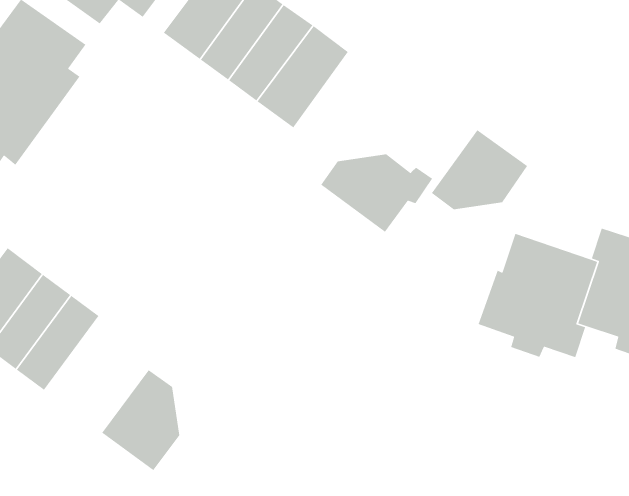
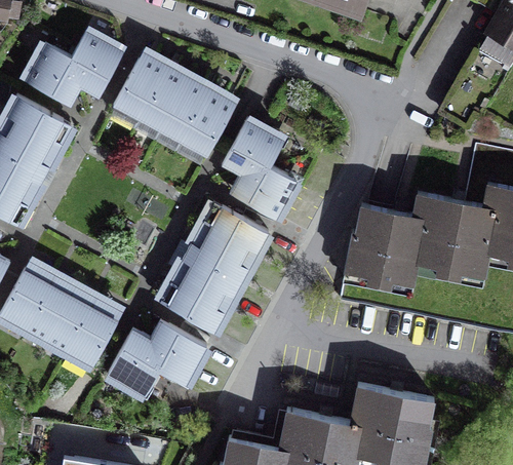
building: [431,129,528,210] -> [223,119,284,175]
building: none -> [168,207,268,332]
building: none -> [67,298,118,366]
building: none -> [151,321,207,383]

